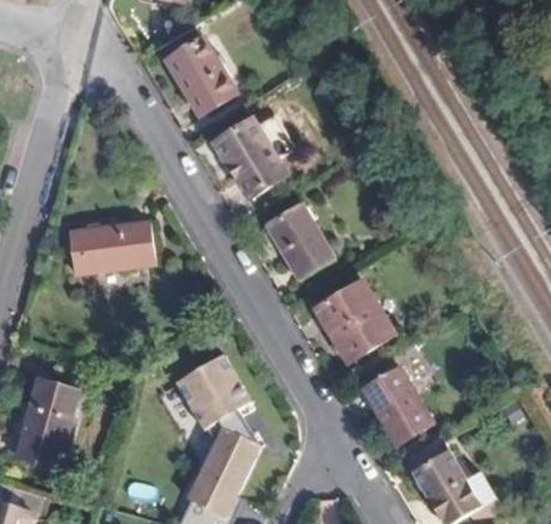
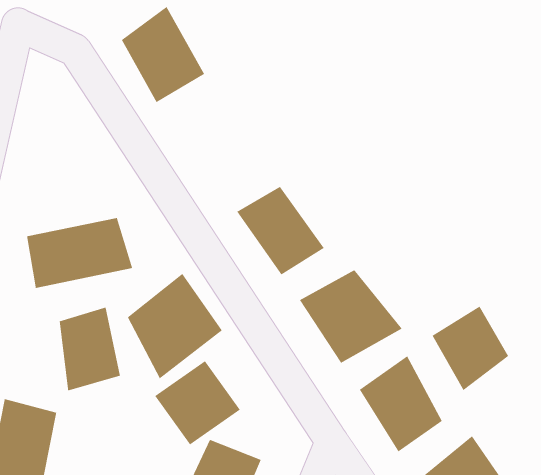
building: [208,116,288,205] -> none
building: none -> [127,273,223,380]
building: none -> [59,306,121,391]
building: none -> [432,305,509,391]

